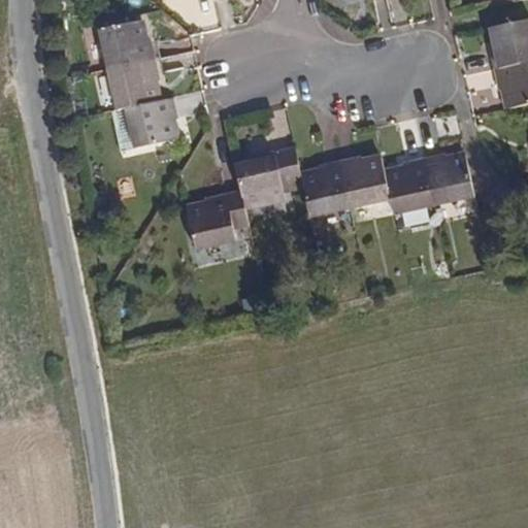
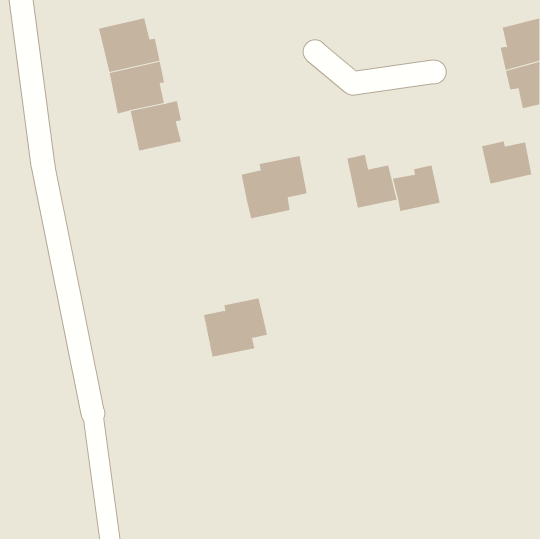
building: [298,155,349,212] -> none
building: [422,156,471,198] -> [481,141,532,184]
building: [186,196,249,254] -> [203,298,268,357]

